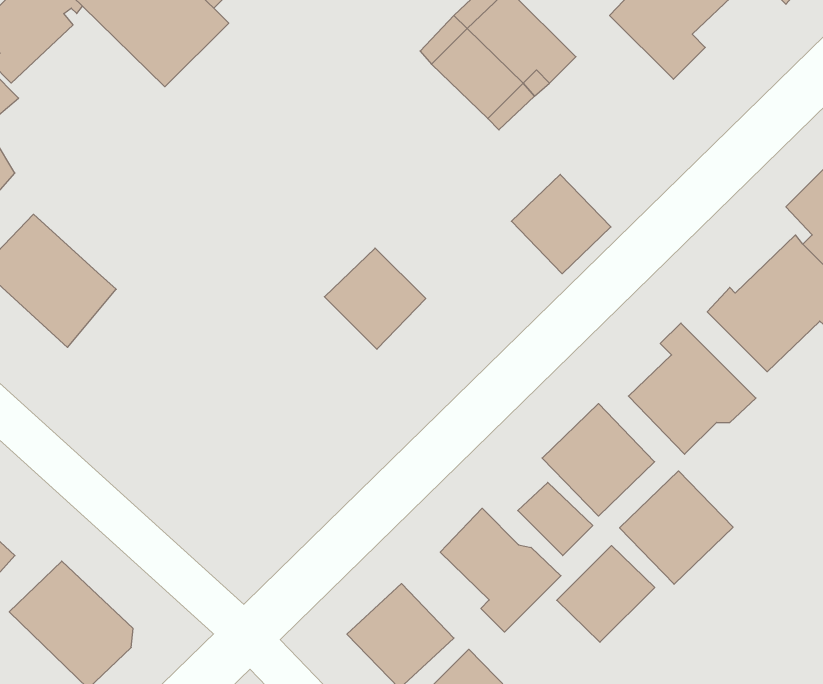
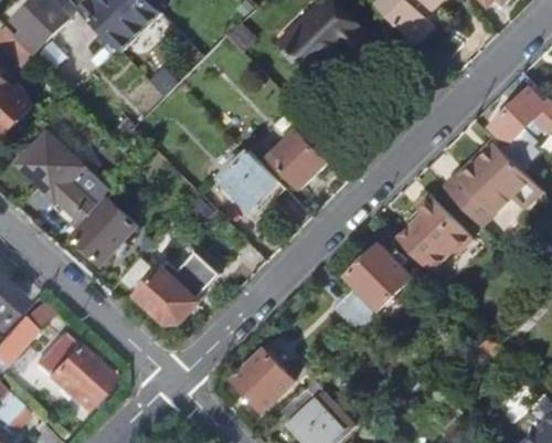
building: [511,174,611,274] -> [270,131,329,190]
building: none -> [66,176,137,265]
building: none -> [121,252,219,321]
building: [620,471,733,584] -> none
building: [440,508,561,632] -> none
building: [557,546,655,642] -> none

